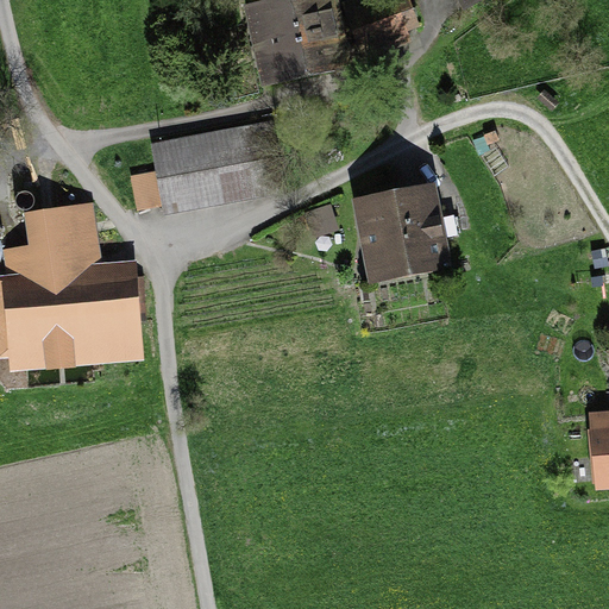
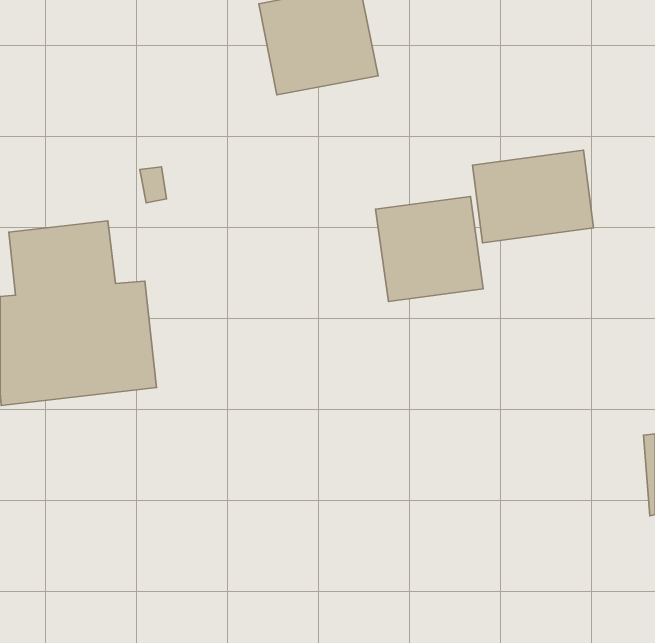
building: [156,124,260,211] -> none
building: none -> [472,150,593,243]

